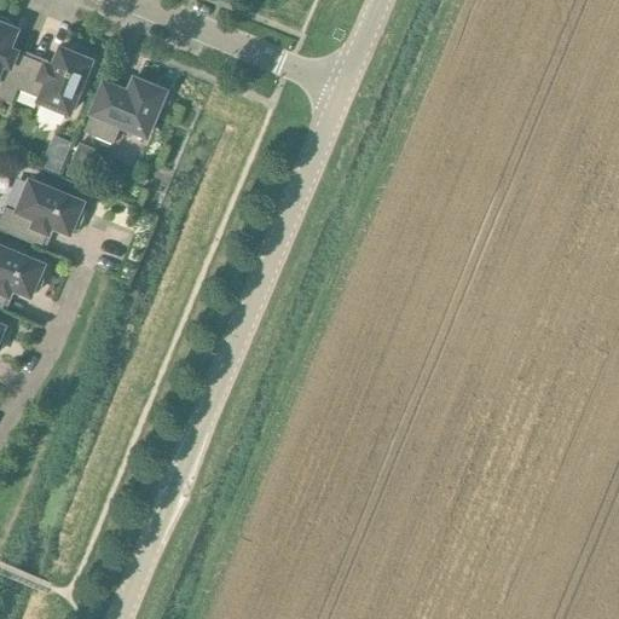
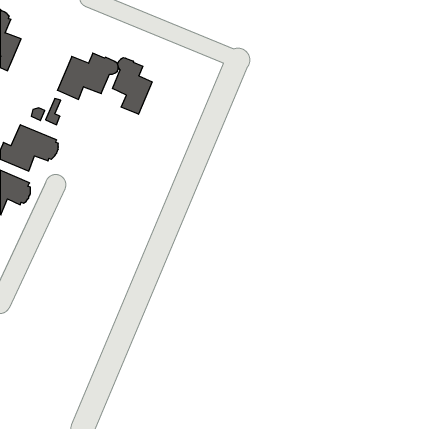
building: [17,45,89,112] -> none
building: none -> [113,58,152,114]

